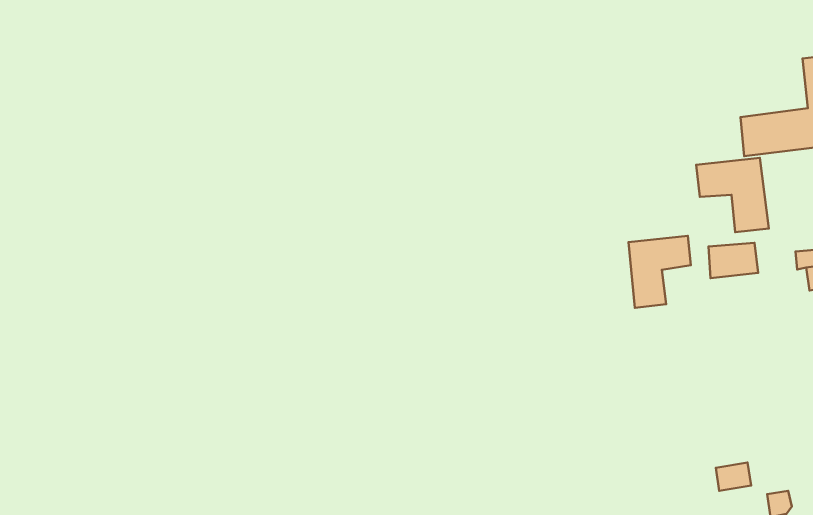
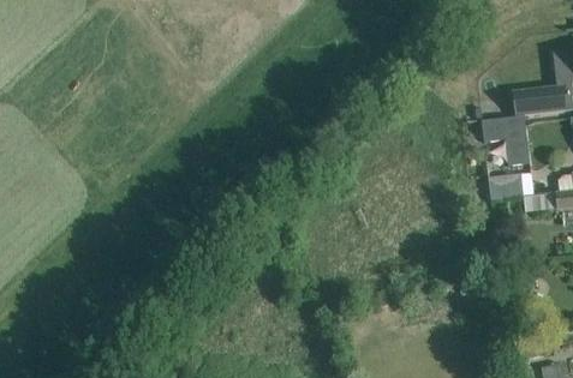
building: [629,236,691,308] -> none

